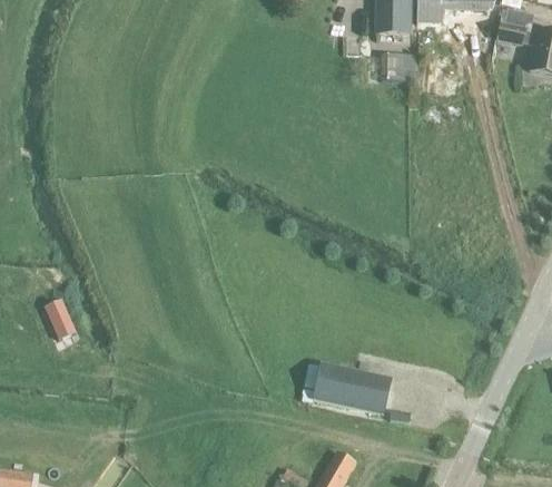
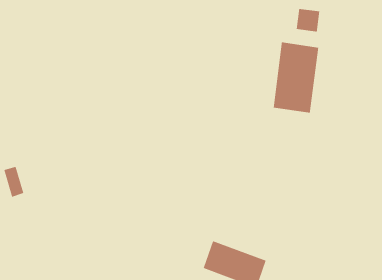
building: none -> [273,42,319,114]

